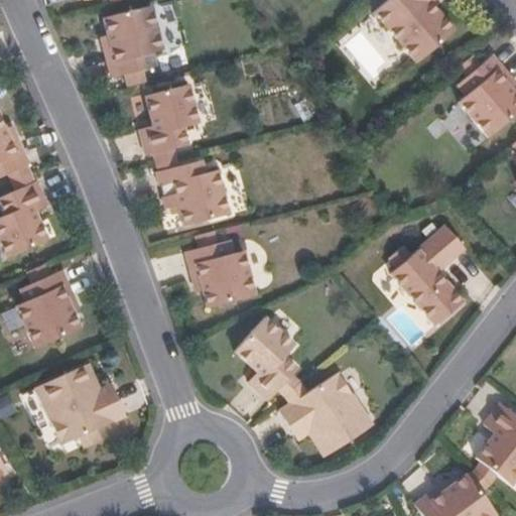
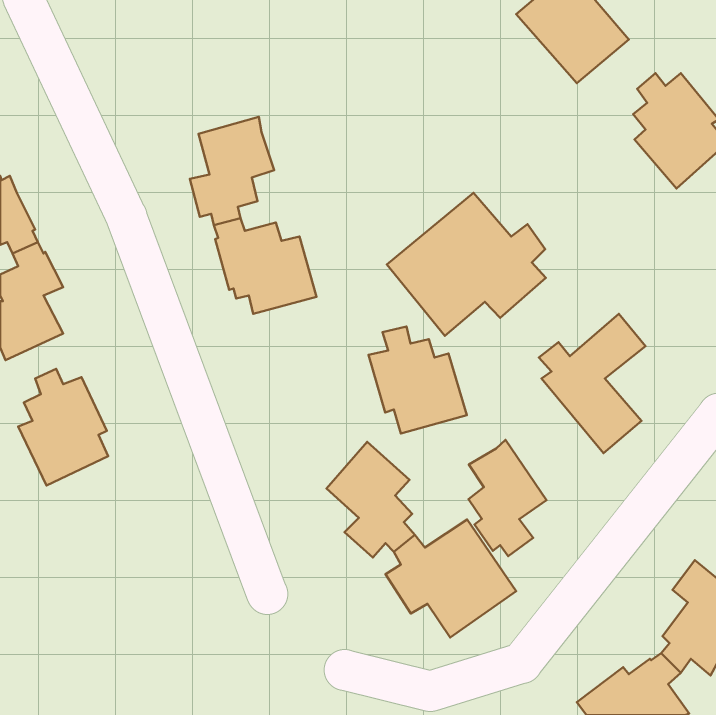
building: [99,5,161,85] -> none
building: none -> [387,193,546,336]
building: [185,230,256,306] -> [368,327,467,434]
building: none -> [468,440,547,556]
building: [35,363,127,447] -> none

